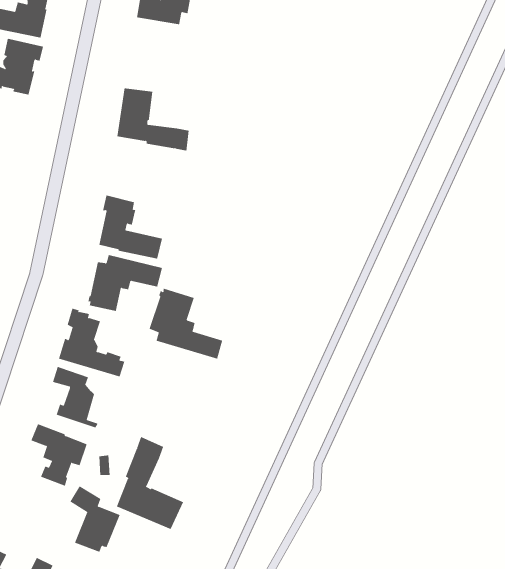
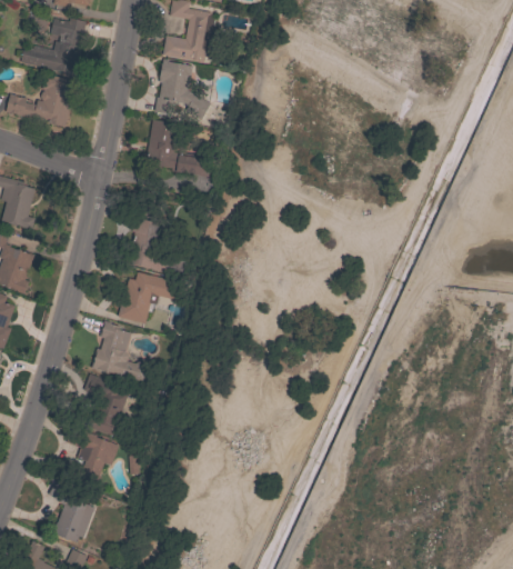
building: none -> [153,60,210,118]
building: [149,288,223,359] -> none
building: [116,436,184,530] -> none
building: [69,486,120,552] -> [48,481,94,542]

